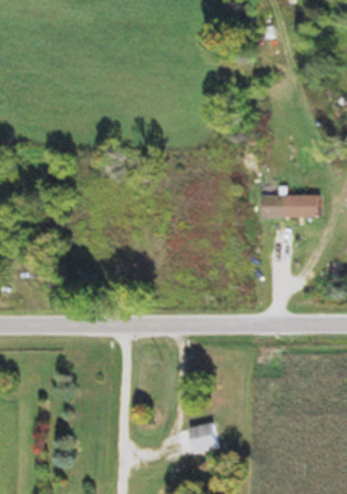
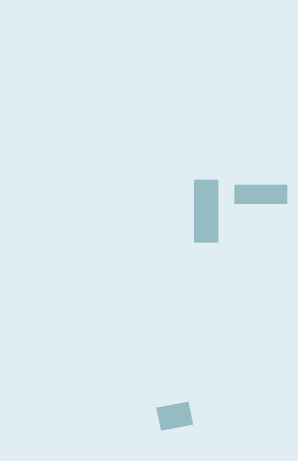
building: none -> [193,179,219,244]

